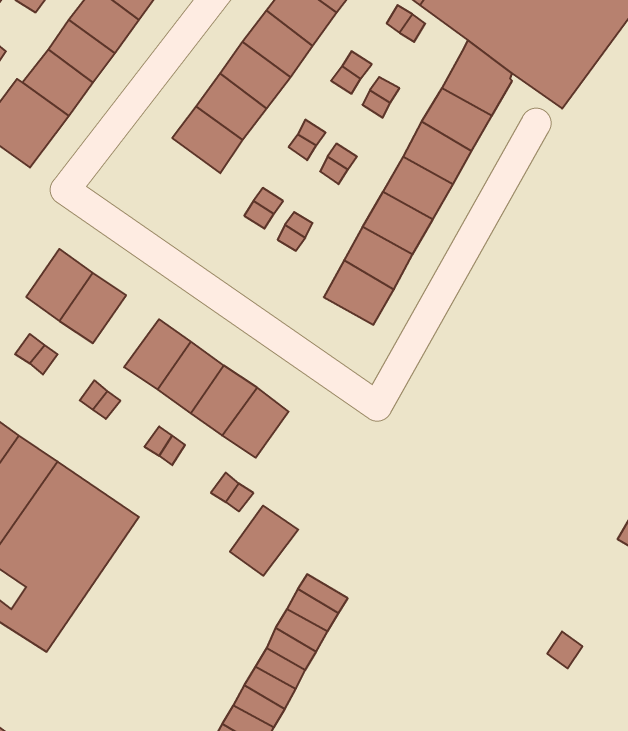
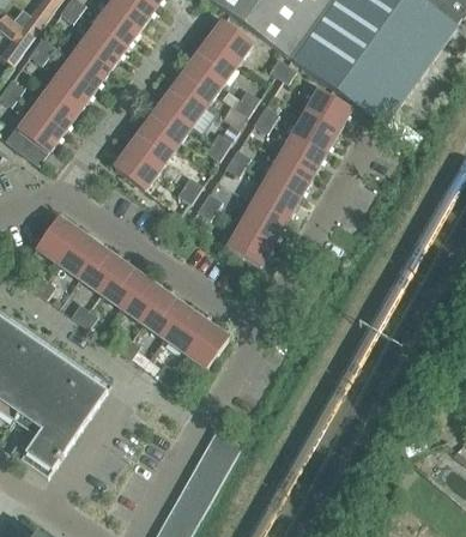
building: none -> [115,145,162,188]
building: none -> [79,247,122,294]
building: [230,506,298,576] -> [184,322,229,368]

